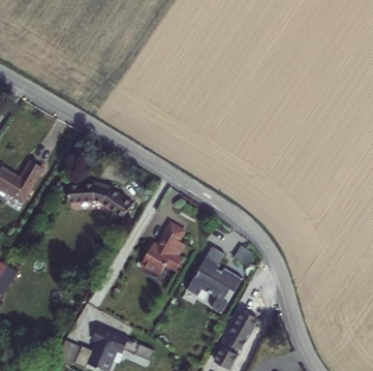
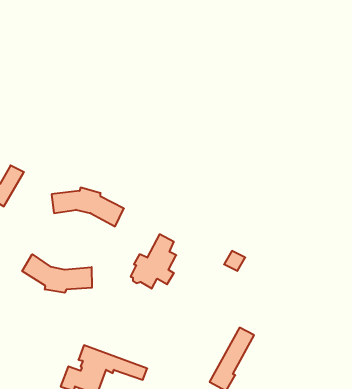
building: none -> [22,254,92,293]
building: [187,245,242,313] -> none

